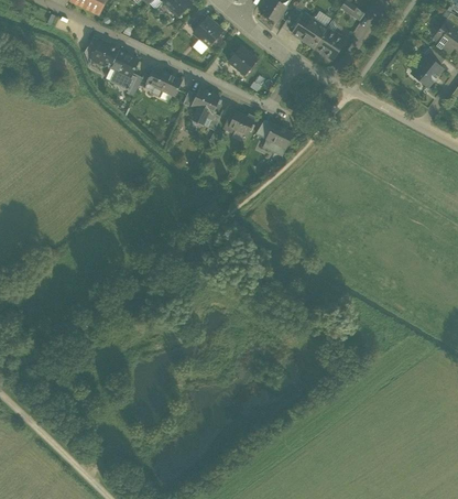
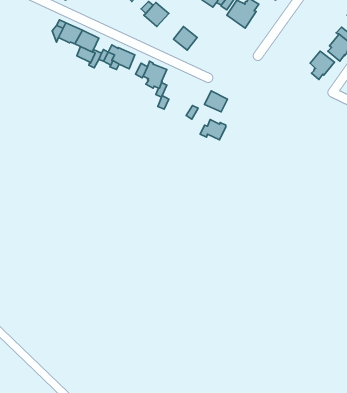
building: [314,29,345,59] -> none
building: none -> [310,51,334,79]
building: [223,111,254,135] -> [200,120,226,140]

